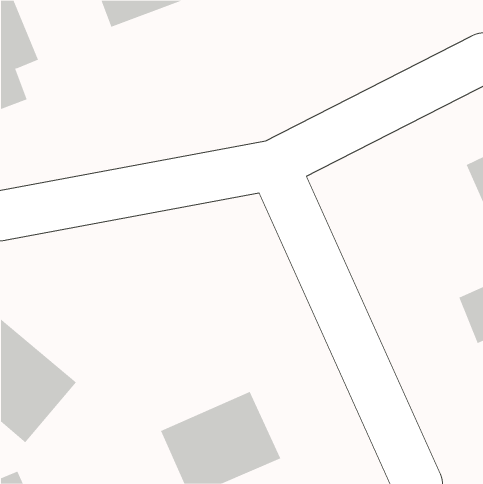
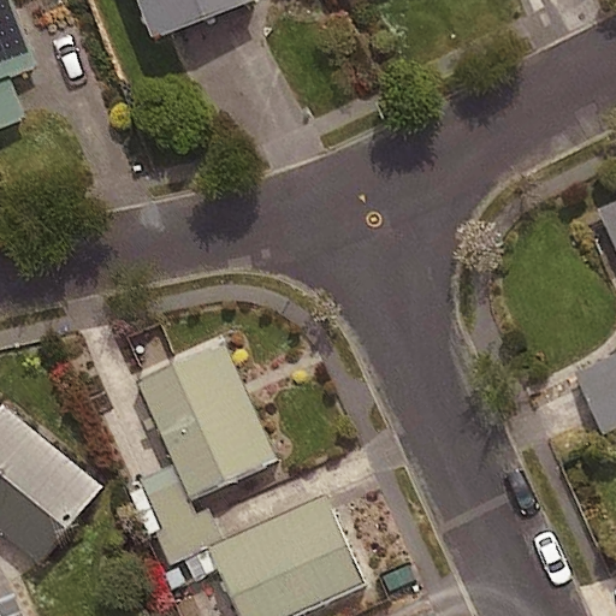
building: none -> [132,345,272,498]

